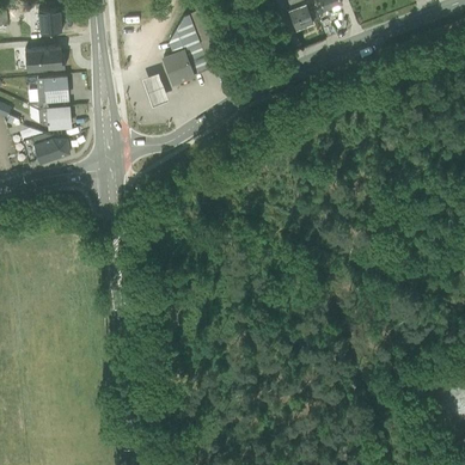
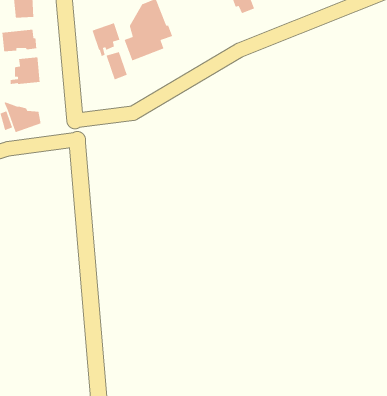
building: none -> [92,22,120,57]
building: [38,108,69,129] -> none

